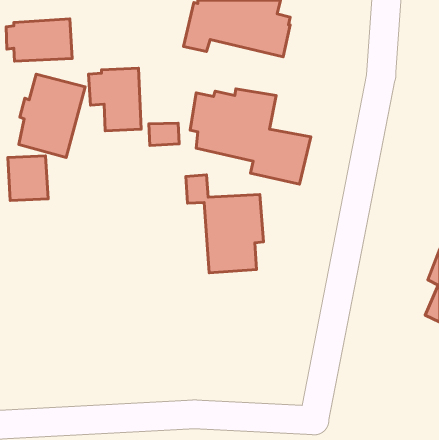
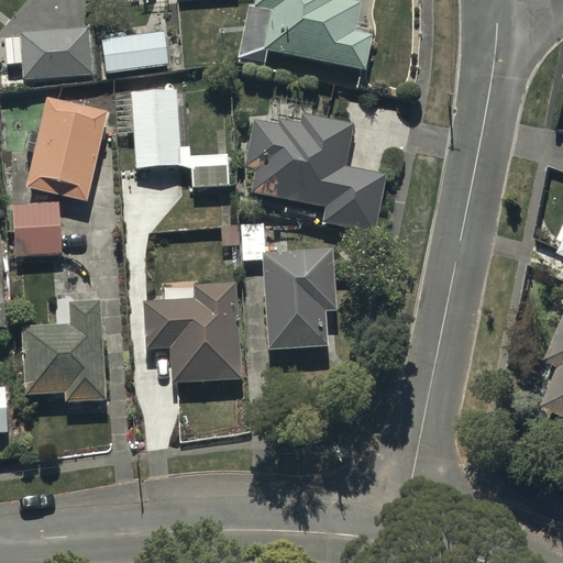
building: none -> [101,31,168,70]
building: none -> [142,279,242,384]
building: none -> [20,298,107,402]

